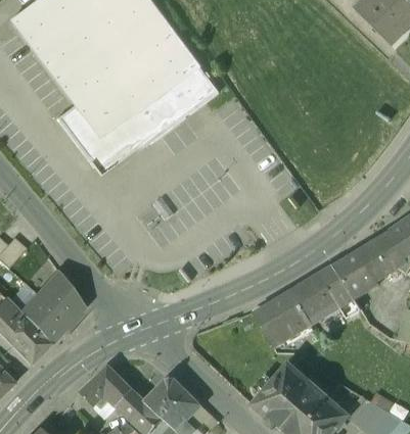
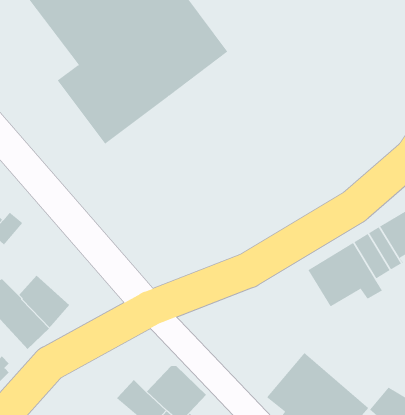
building: [41,272,87,322] -> none
building: [249,290,309,347] -> none
building: [76,365,130,406] -> none

